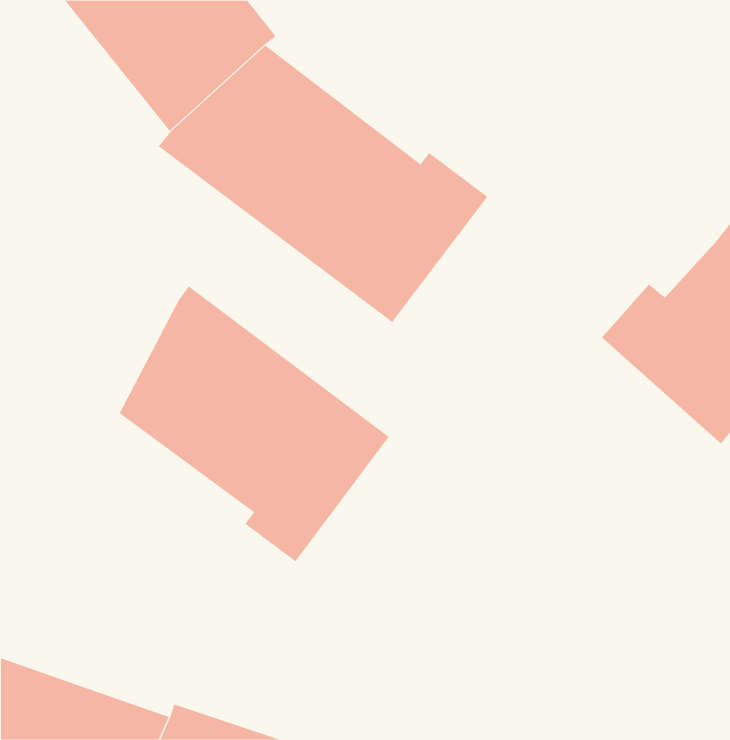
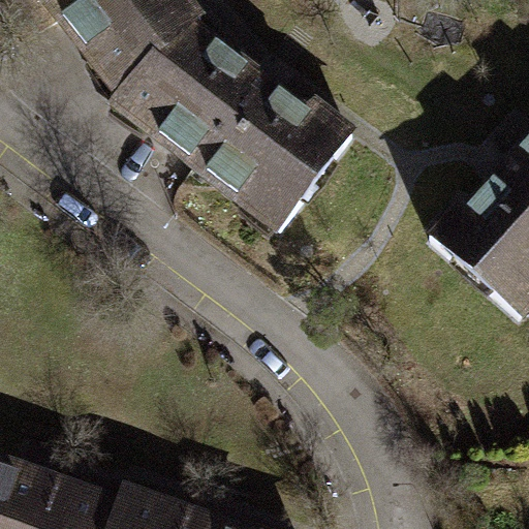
building: [119,285,390,562] -> none

